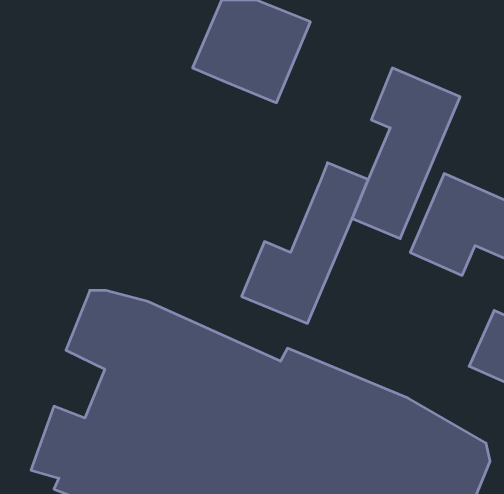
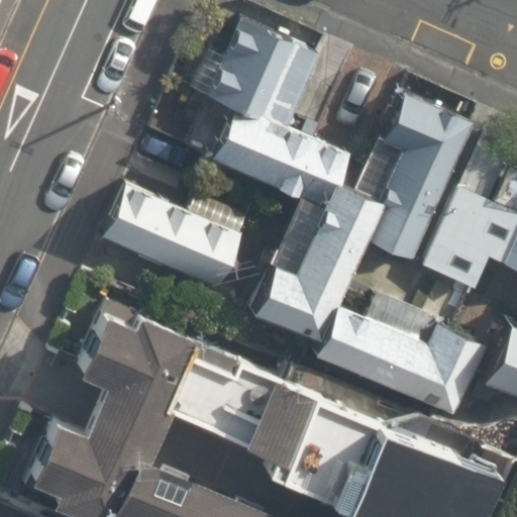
building: none -> [210,99,351,204]
building: none -> [103,185,243,291]
building: none -> [313,303,483,413]

